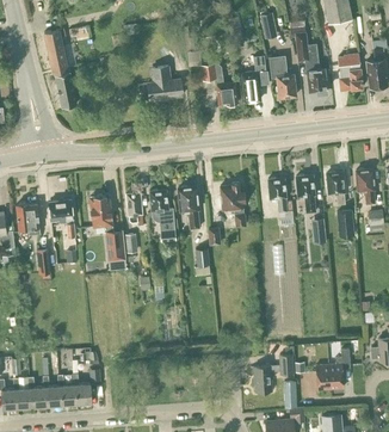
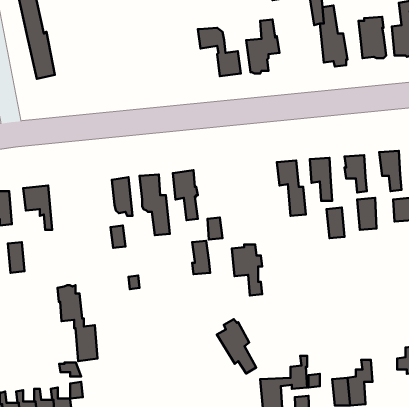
building: [268,56,296,99] -> none
building: [148,67,183,101] -> none
building: [220,183,246,227] -> [232,244,262,296]
building: [89,196,124,261] -> [57,285,98,361]
building: none -> [217,319,256,373]

